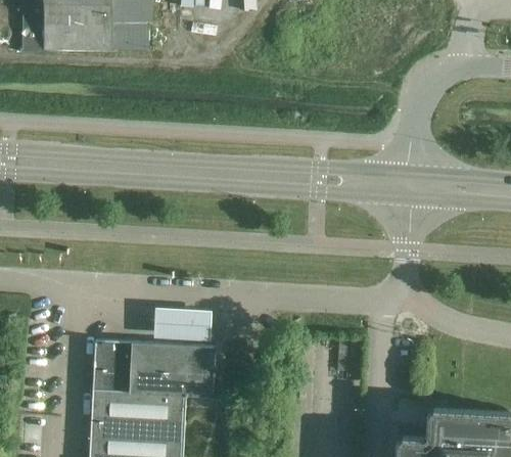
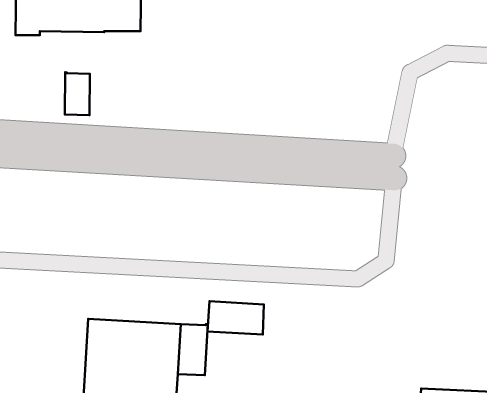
building: none -> [65,72,90,115]
building: [152,309,210,342] -> [207,301,264,335]

